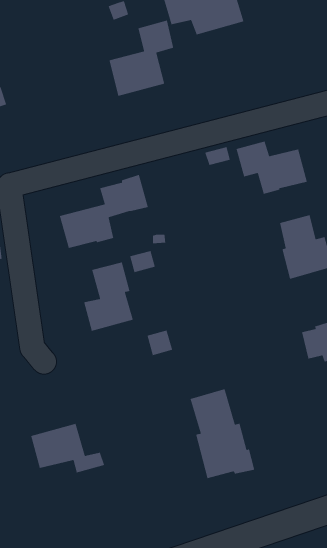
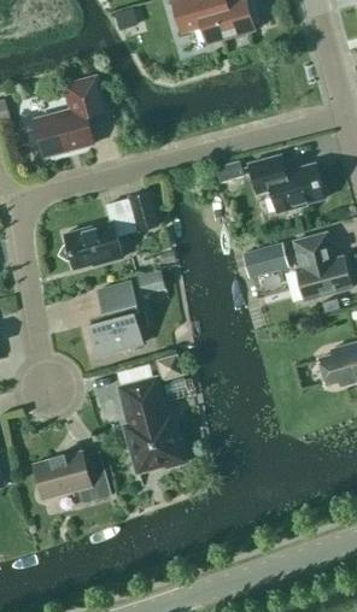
building: [109,20,176,97] -> [34,76,104,157]
building: none -> [242,242,288,276]
building: [189,388,255,479] -> [117,376,186,471]

